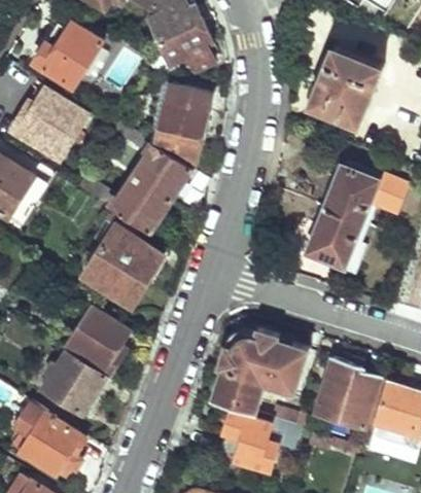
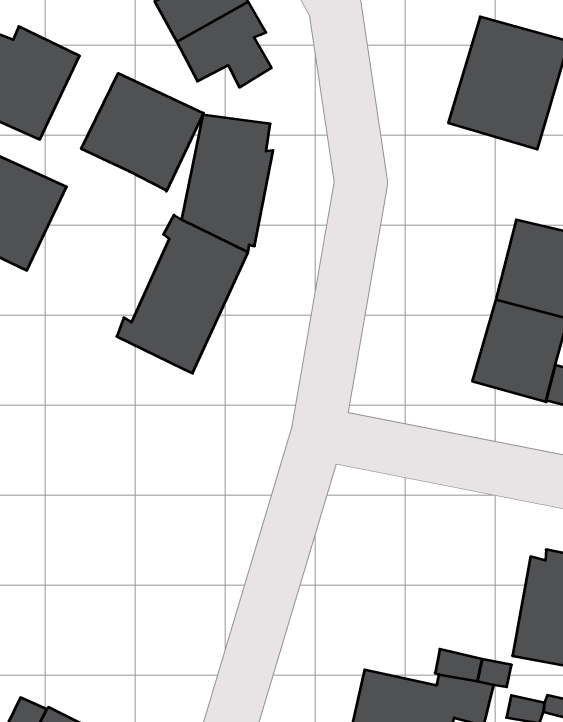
building: none -> [81,73,204,191]
building: [85,207,161,309] -> none
building: [68,309,128,375] -> none
building: [210,323,308,415] -> none
building: [41,353,104,416] -> none

